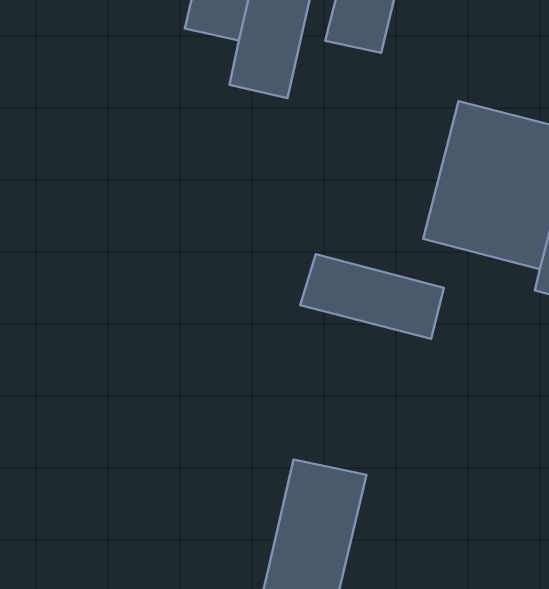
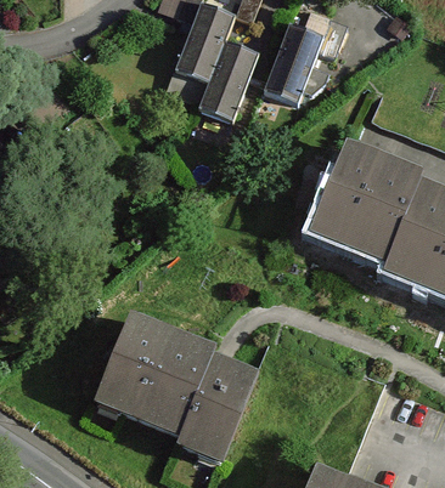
building: [300,254,444,339] -> none
building: none -> [96,312,213,431]

